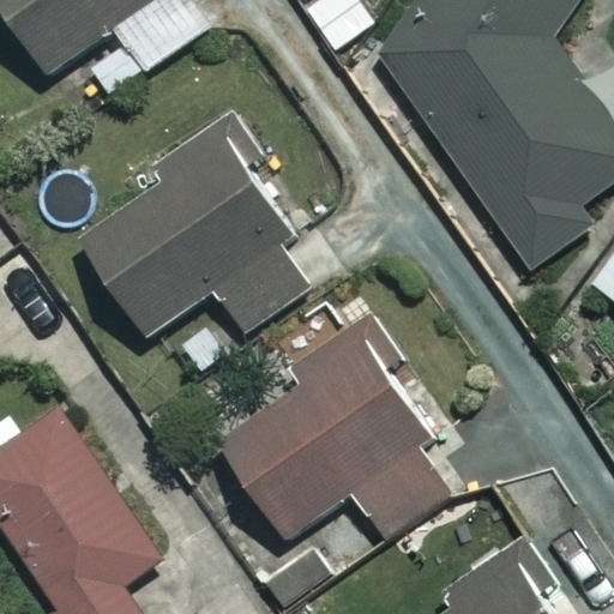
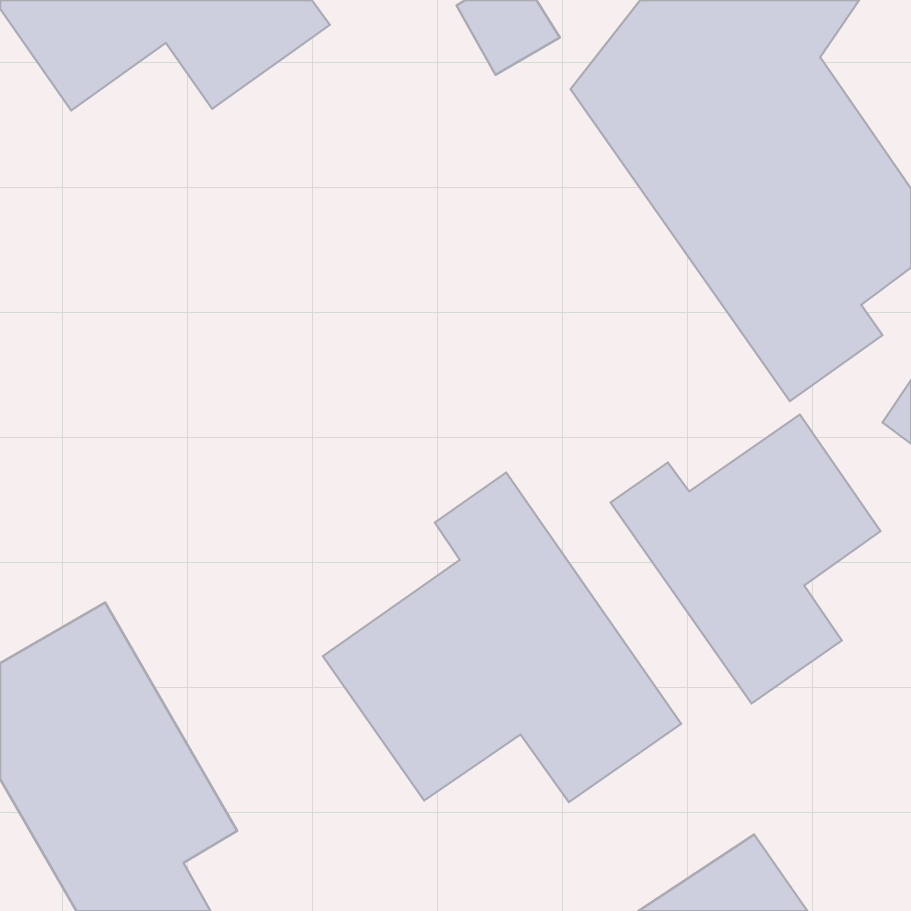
building: [77,136,319,337] -> none
building: none -> [610,415,880,704]

